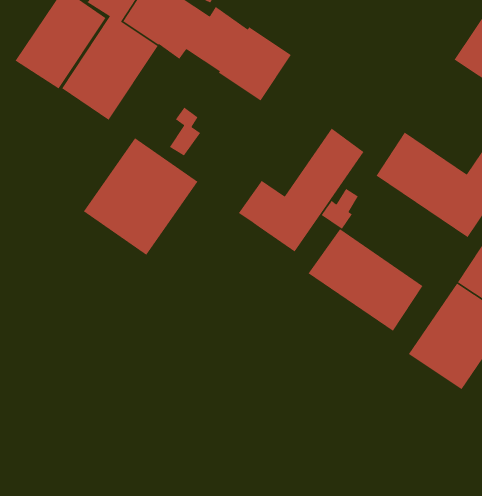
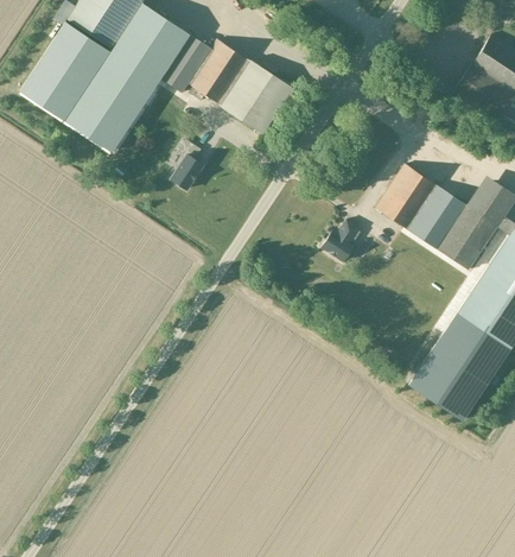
building: [238,128,365,253] -> none
building: [83,137,199,256] -> none
building: [307,228,423,332] -> none

